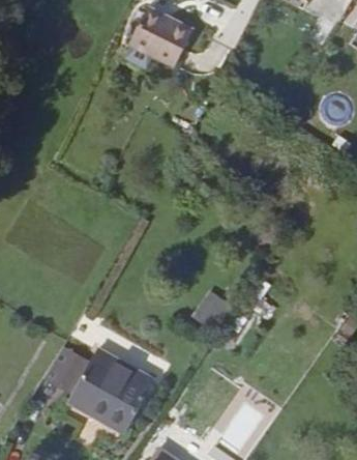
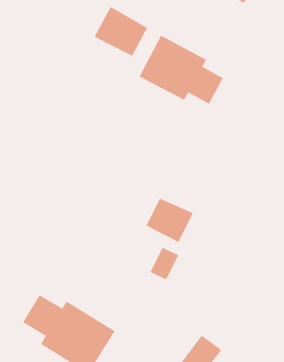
building: none -> [139,35,224,105]
building: none -> [146,198,193,243]

